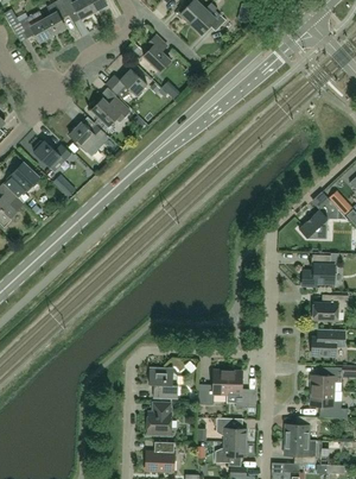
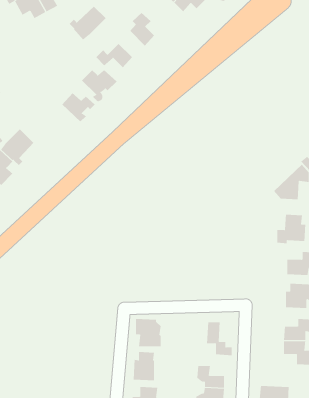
building: none -> [69,6,107,41]
building: [33,140,72,171] -> none
building: [198,371,228,405] -> none
building: [285,416,317,441] -> none

